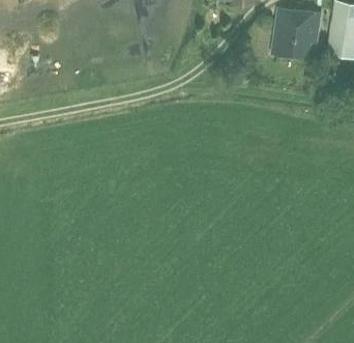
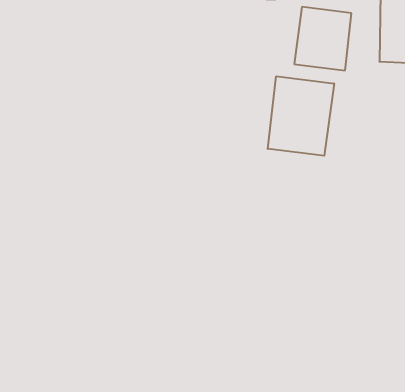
building: none -> [268,76,334,156]

